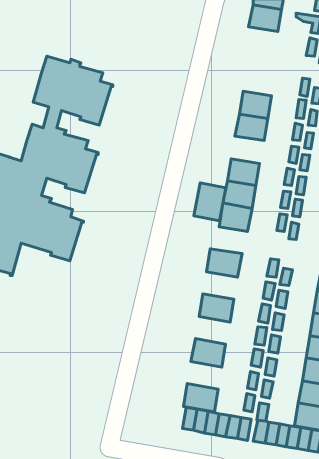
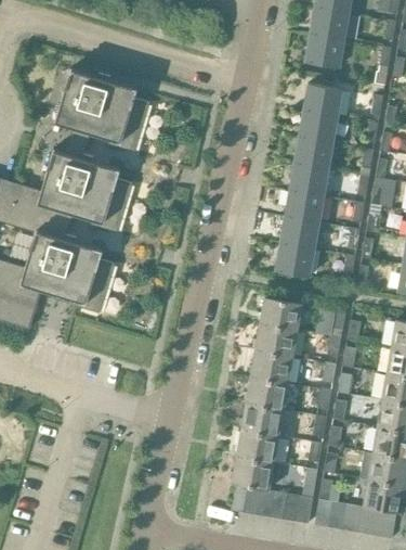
building: none -> [305,35,344,67]
building: none -> [303,84,342,116]
building: none -> [289,164,328,196]
building: [194,183,226,221] -> none
building: none -> [256,324,297,357]
building: none -> [247,378,288,410]
building: none -> [237,431,278,463]

